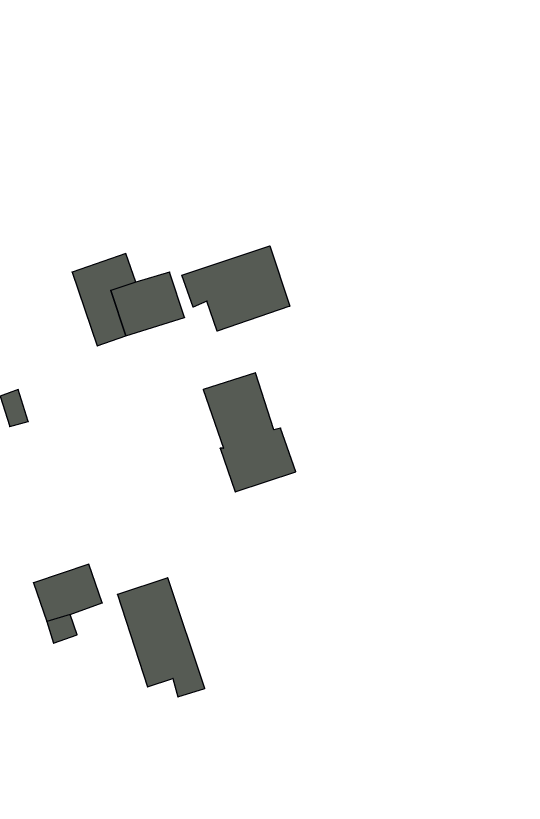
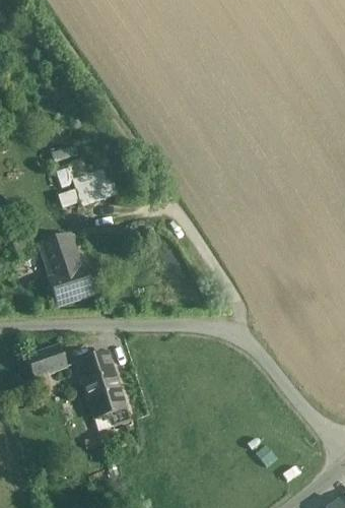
building: [182,246,290,331] -> none
building: [203,373,296,492] -> [38,232,93,304]

